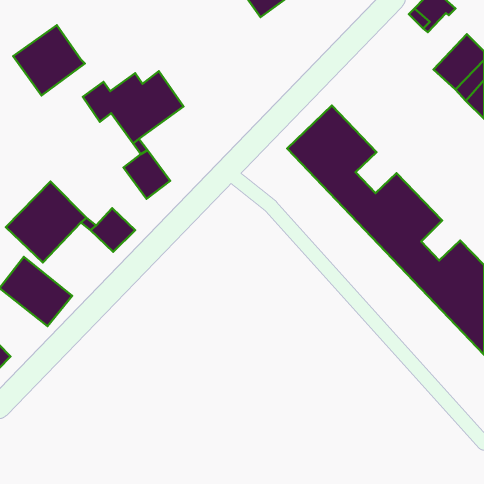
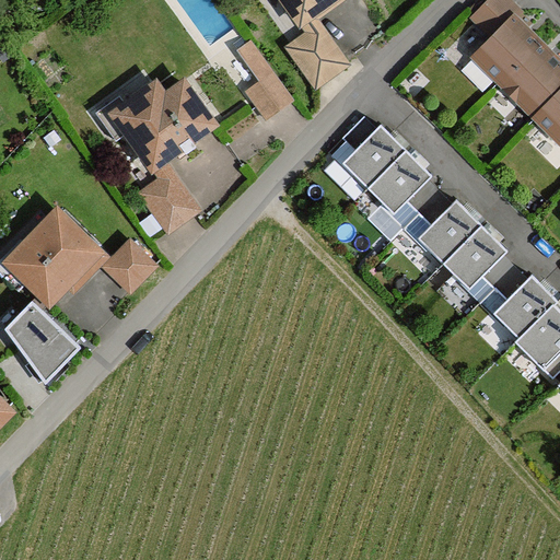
building: none -> [474,15,537,80]
building: none -> [291,26,343,82]
building: [13,25,85,96] -> none
building: none -> [241,39,292,117]

